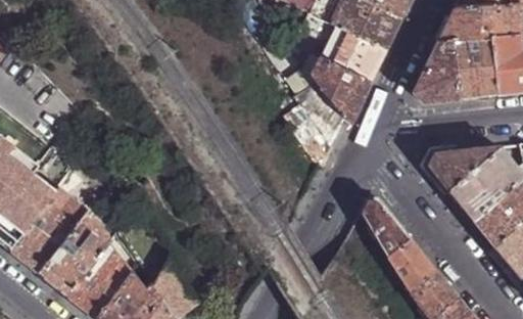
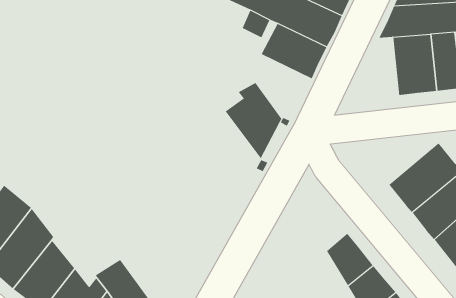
building: [415,39,460,102] -> none
building: [311,56,372,123] -> none
building: [428,144,501,189] -> none
building: [360,198,408,257] -> none

